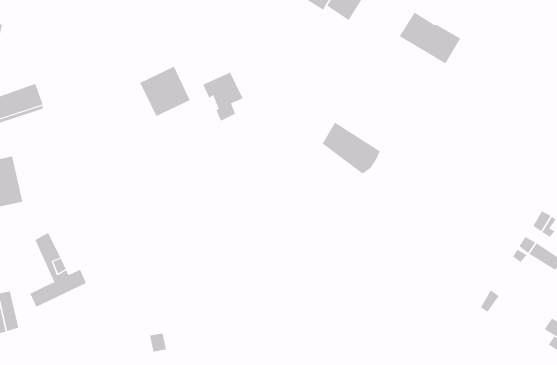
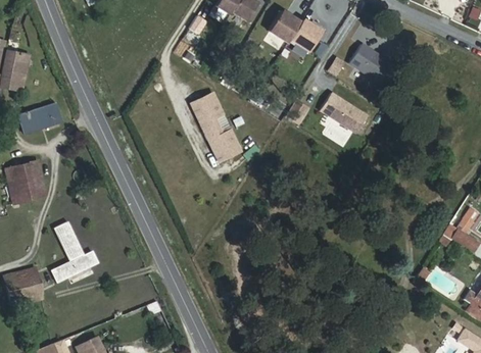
building: [140,66,191,117] -> none
building: none -> [205,125,241,160]
building: [322,122,380,174] -> [321,92,368,134]

